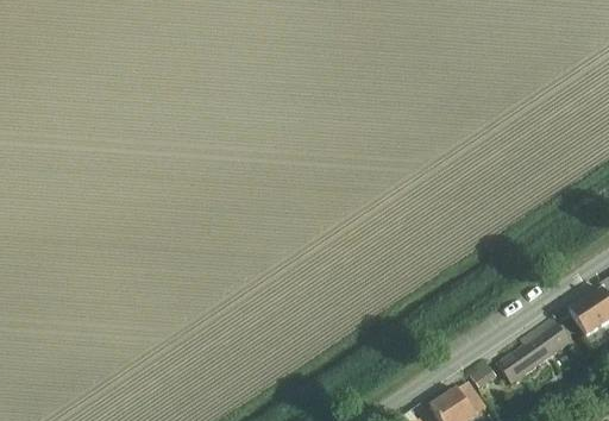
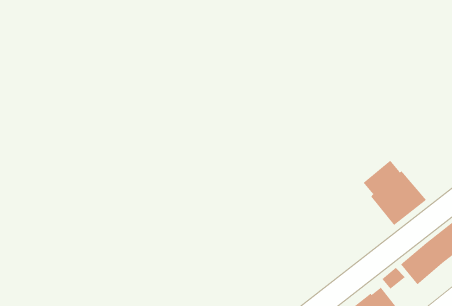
building: none -> [363,160,427,226]

